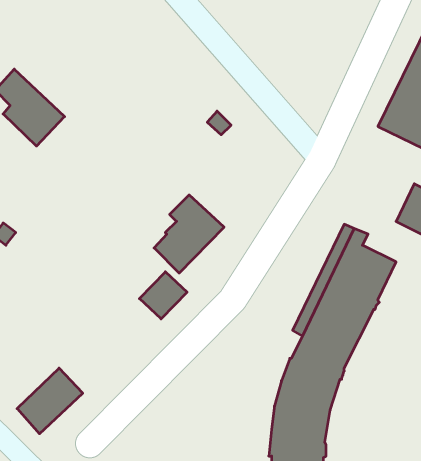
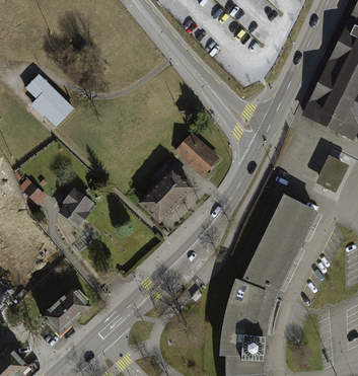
building: none -> [176,134,218,174]
building: none -> [57,190,93,227]
building: [139,272,187,319] -> none

